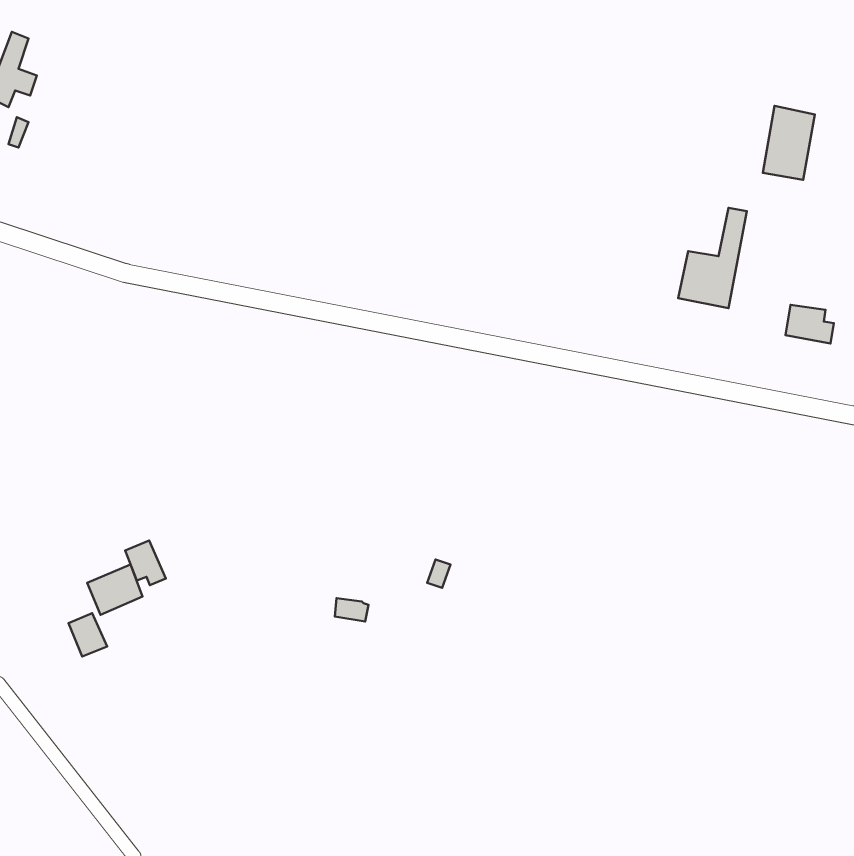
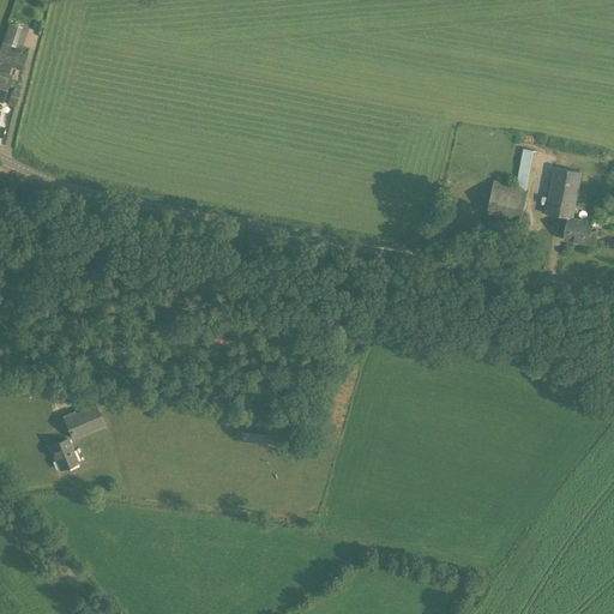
building: [763,106,815,180] -> [544,165,582,218]
building: [125,540,166,585] -> none

